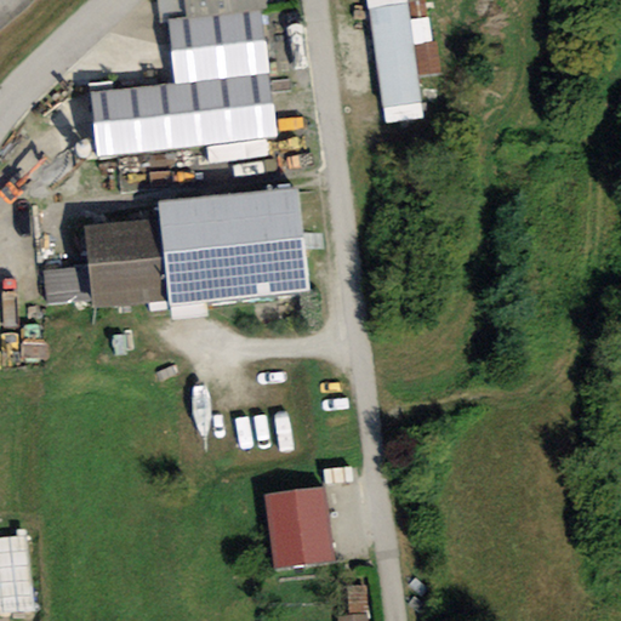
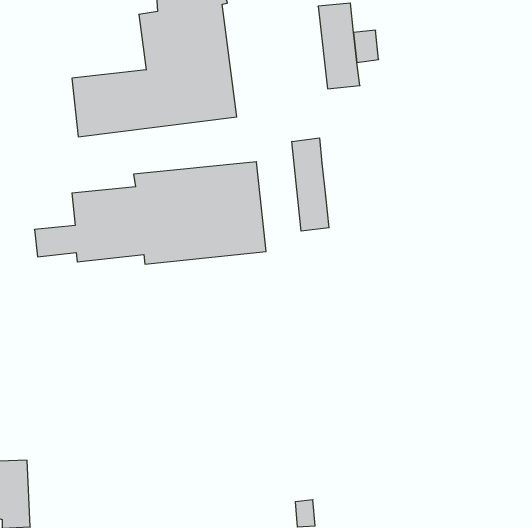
building: none -> [292,138,329,231]
building: [262,488,332,568] -> none

